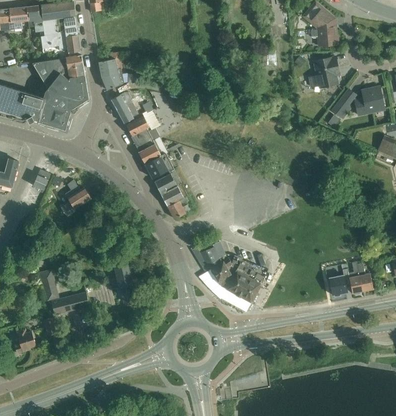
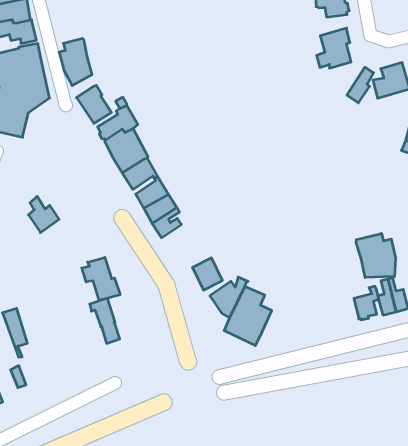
building: none -> [356,233,396,278]
building: none -> [82,257,120,300]
building: [50,291,89,314] -> none

